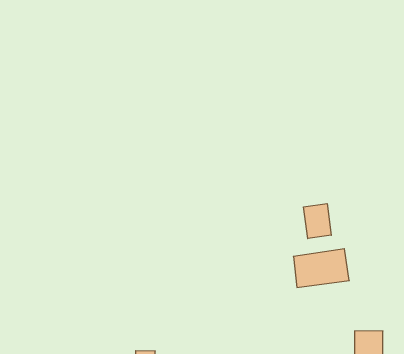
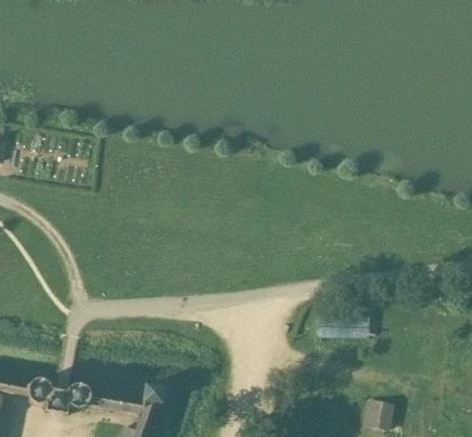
building: [304,204,331,239] -> none

